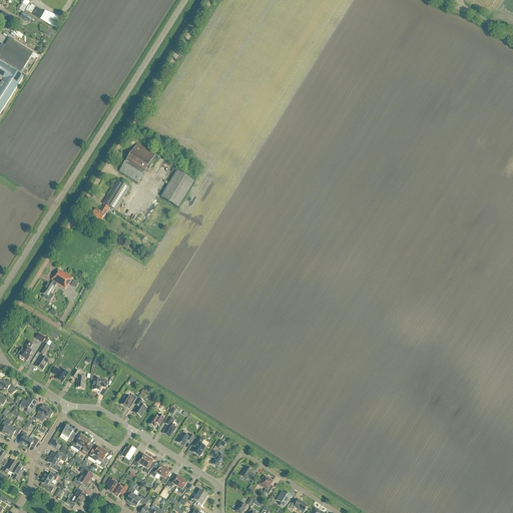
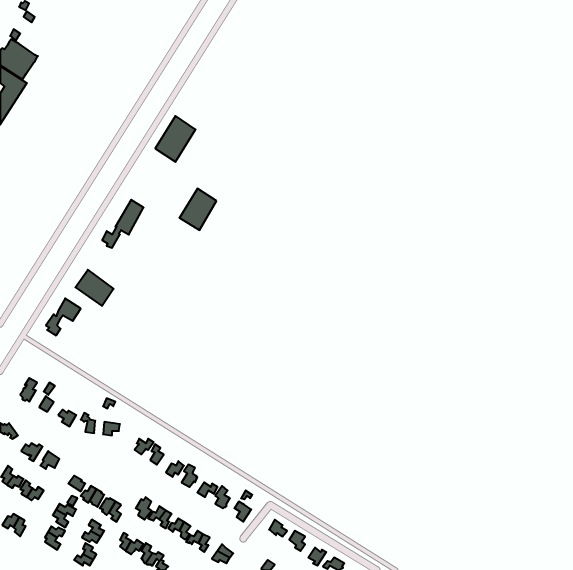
building: [119,140,155,181] -> [155,116,196,162]
building: none -> [75,270,114,306]

